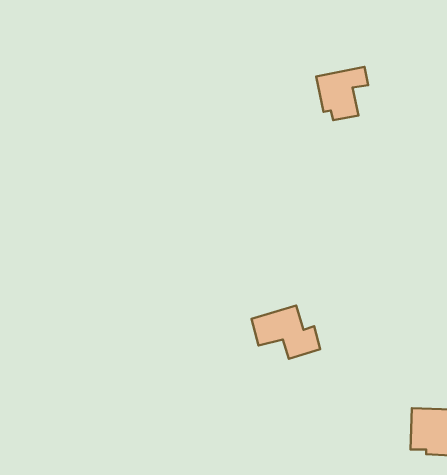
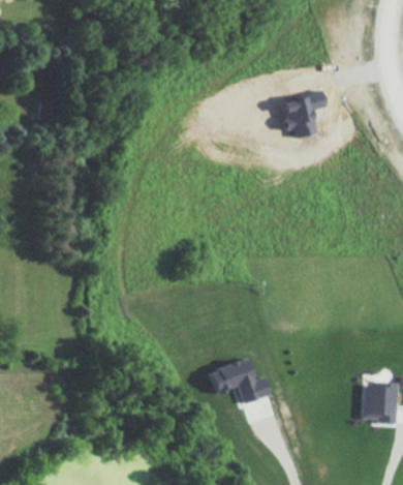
building: [251,306,320,359] -> [209,359,268,404]

